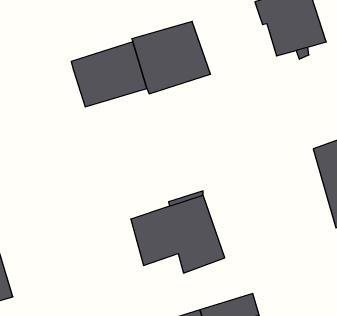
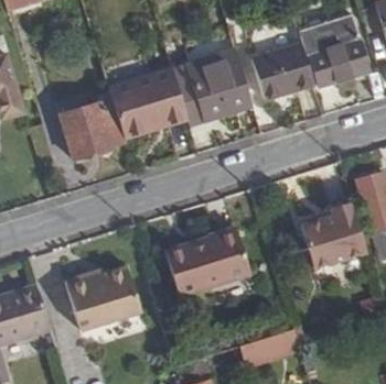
building: none -> [250,43,314,98]
building: none -> [57,99,124,161]
building: none -> [302,202,366,266]
building: none -> [63,266,139,330]

